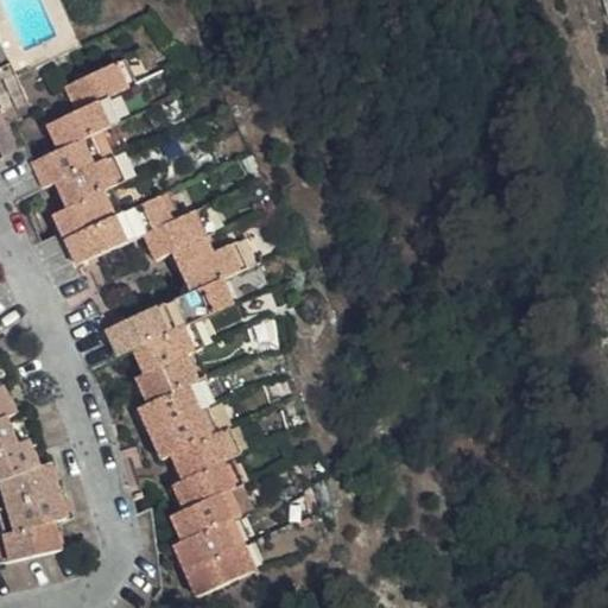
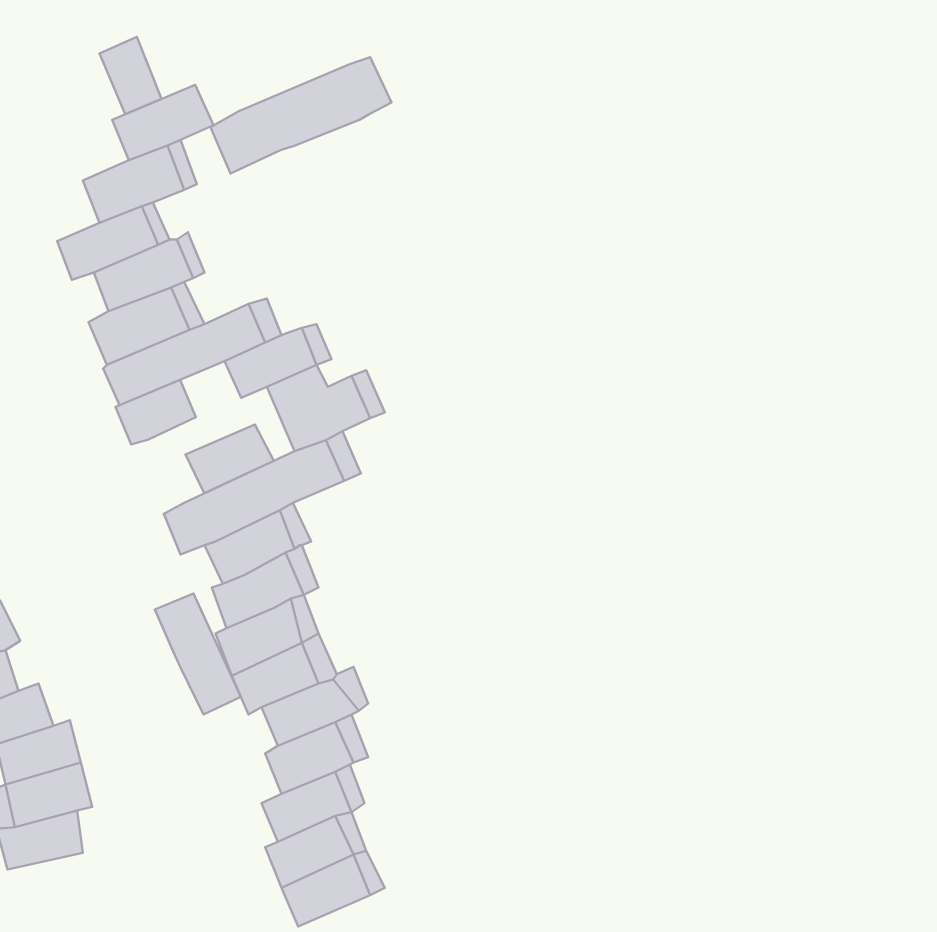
building: none -> [100,37,161,114]
building: none -> [210,57,392,174]
building: none -> [116,380,196,445]
building: none -> [185,424,274,493]
building: none -> [155,593,241,715]

